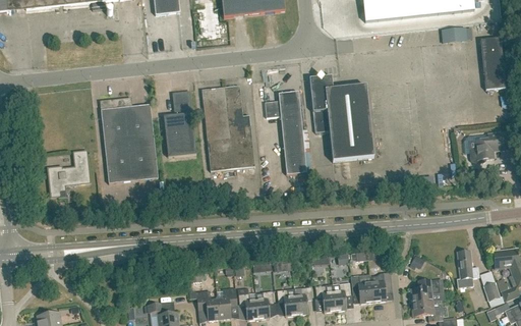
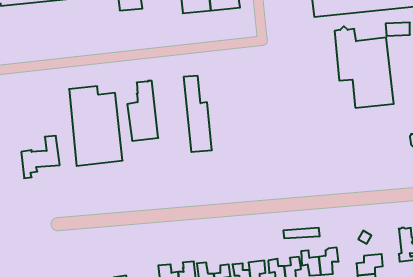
building: [309,72,373,161] -> [335,26,394,108]
building: [201,87,232,171] -> none
building: [265,92,306,174] -> none

